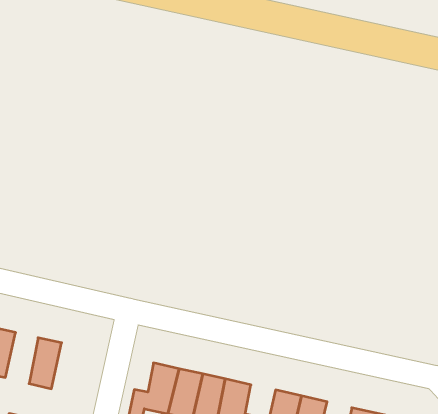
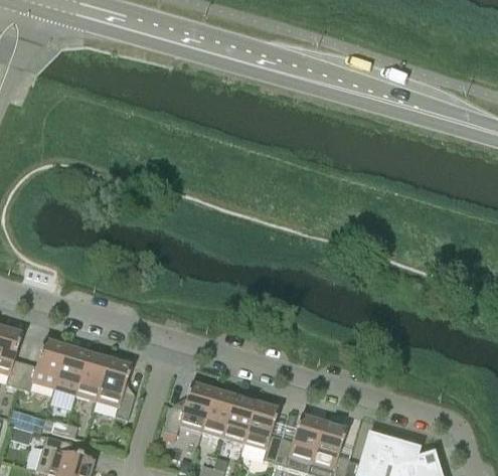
building: none -> [55,345,88,392]
building: none -> [97,357,135,419]

